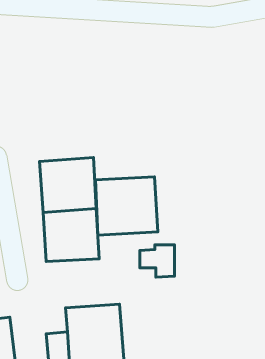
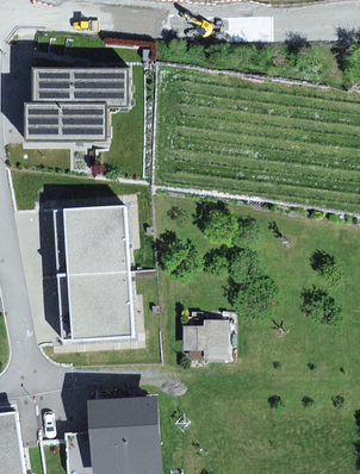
building: none -> [27,69,128,141]
building: [96,177,158,235] -> none

